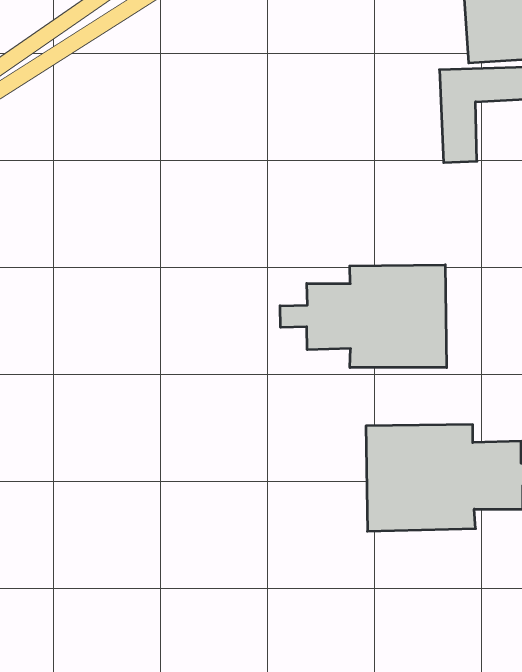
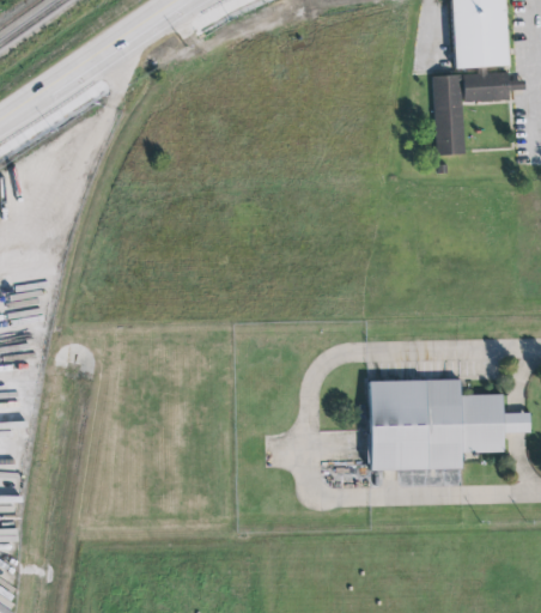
building: [280,265,447,368] -> none

